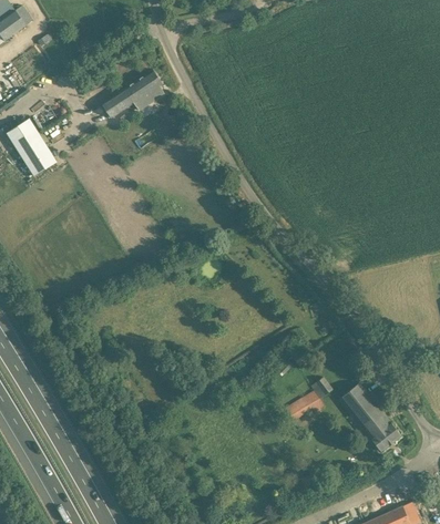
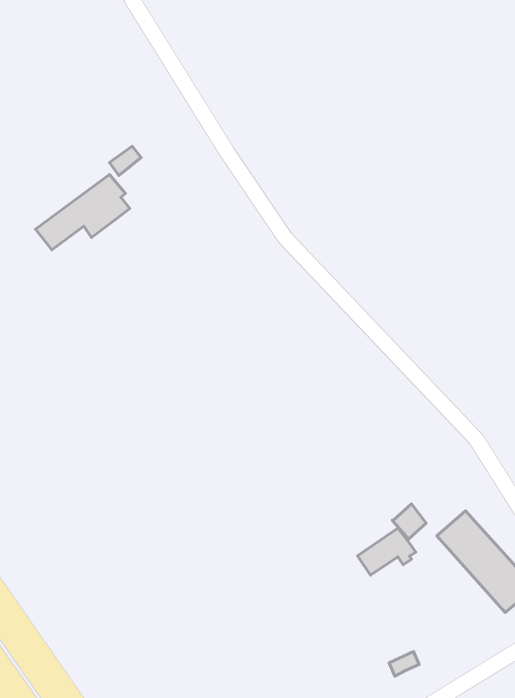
building: [102,70,165,117] -> [36,174,130,250]

